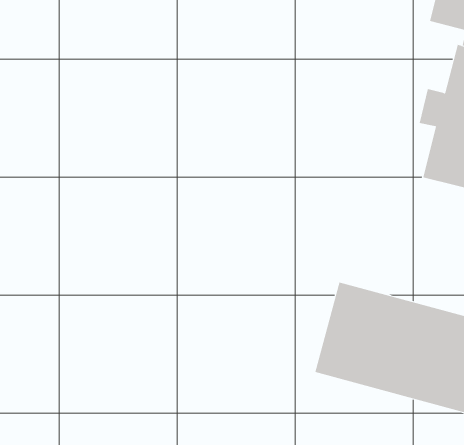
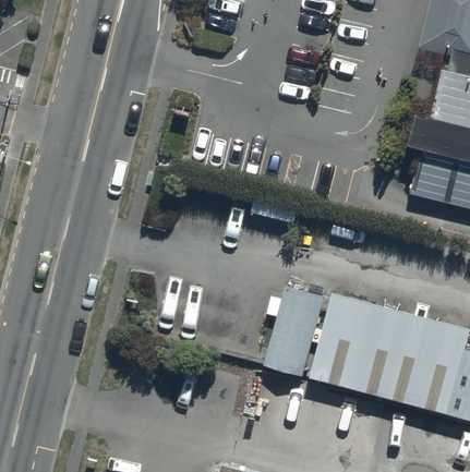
building: none -> [264,287,324,377]

